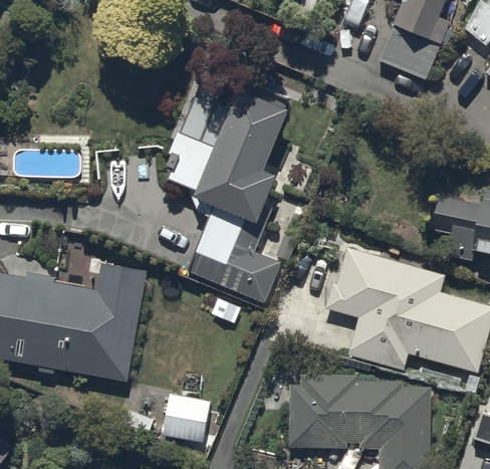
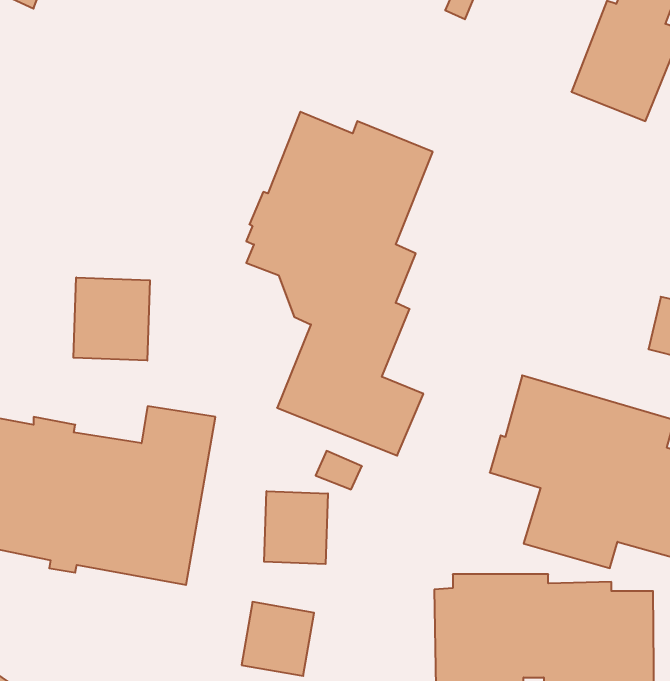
building: none -> [73,277,150,361]
building: none -> [264,491,328,564]

